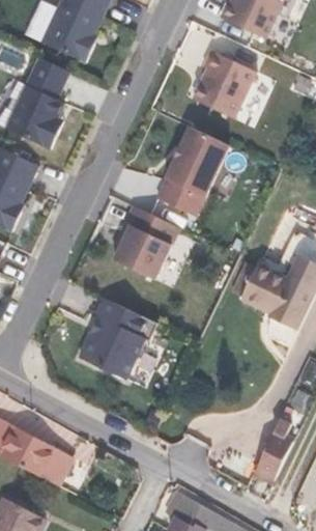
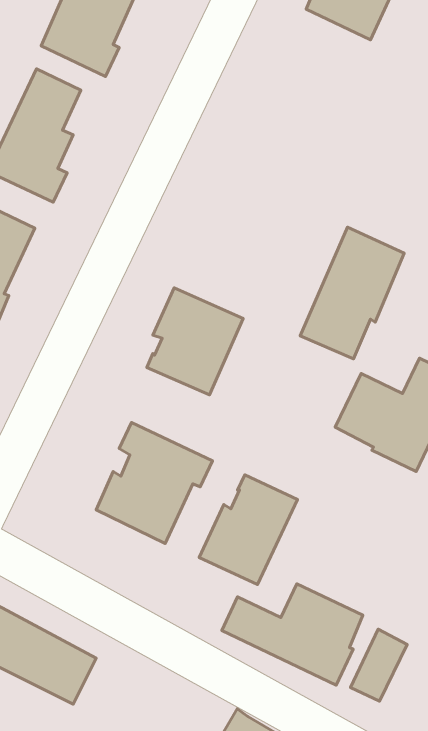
building: [192,50,254,117] -> none
building: [157,125,228,215] -> [300,227,404,359]
building: none -> [199,475,298,585]
building: none -> [222,584,363,685]

